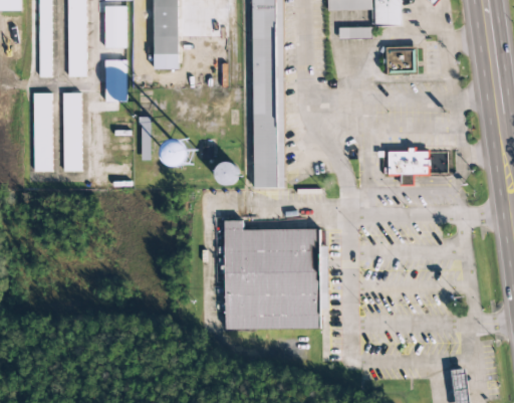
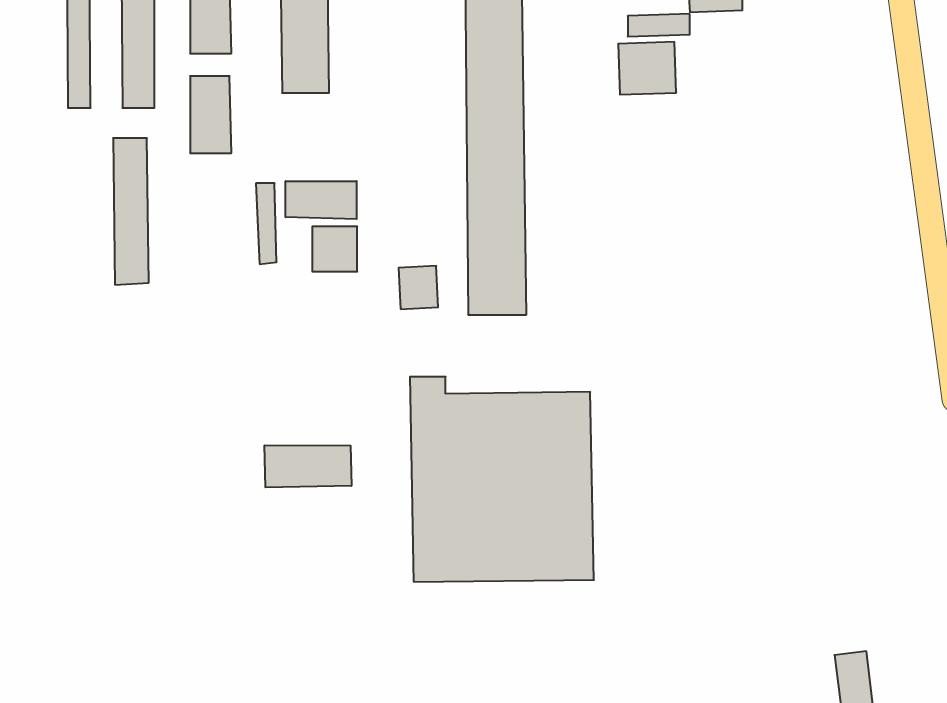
building: [386,45,417,73] -> [618,42,676,95]
building: [33,91,52,171] -> none
building: none -> [286,181,357,219]
building: [382,147,430,185] -> none
building: none -> [265,445,351,487]

